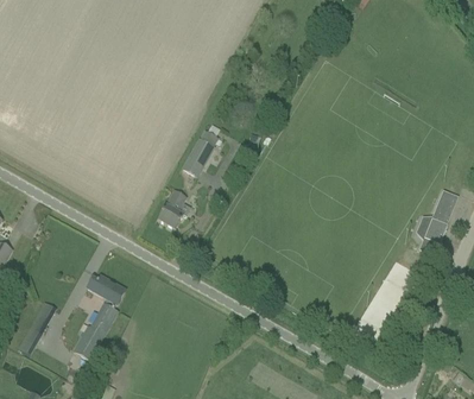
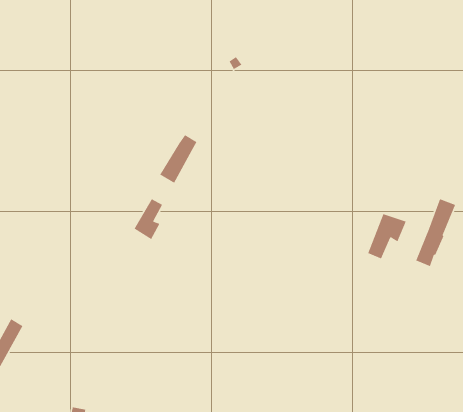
building: none -> [367,213,407,260]
building: [72,274,125,359] -> none

